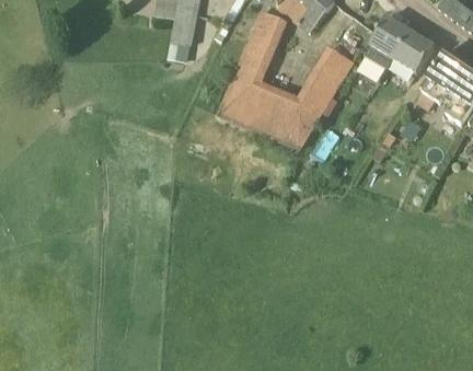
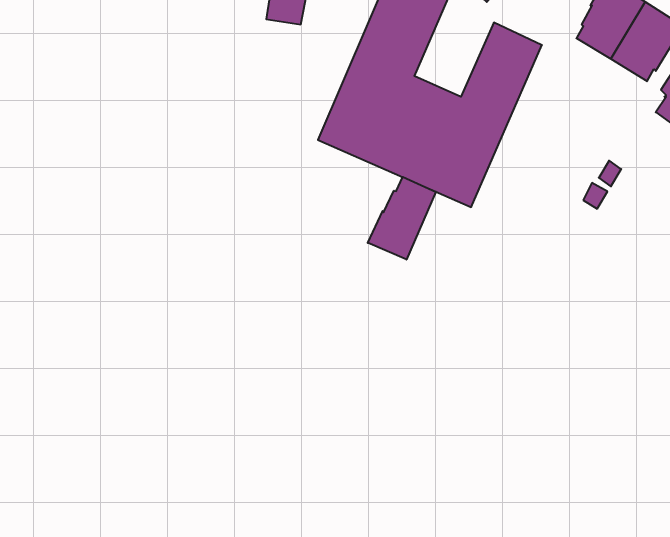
building: none -> [368,177,436,260]

